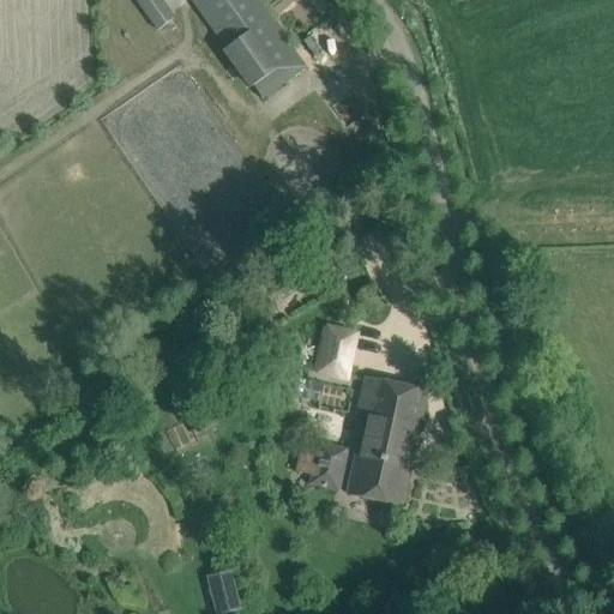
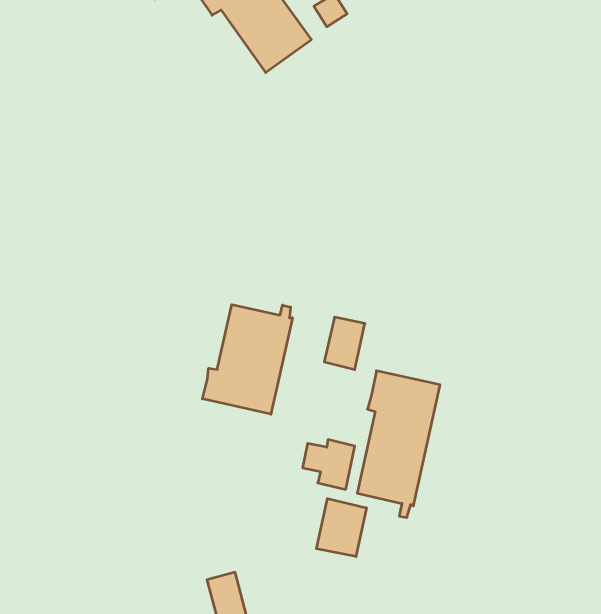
building: none -> [202,305,292,414]
building: none -> [316,499,366,557]

